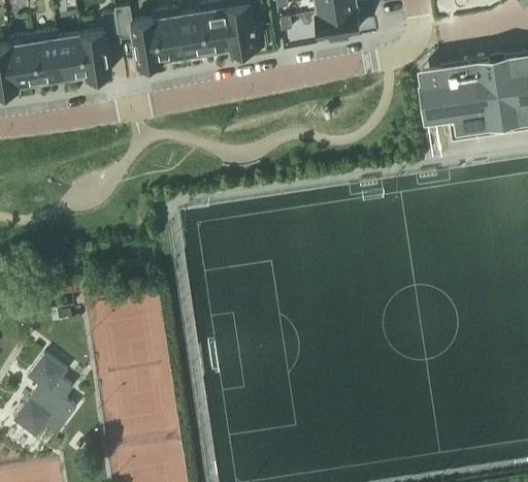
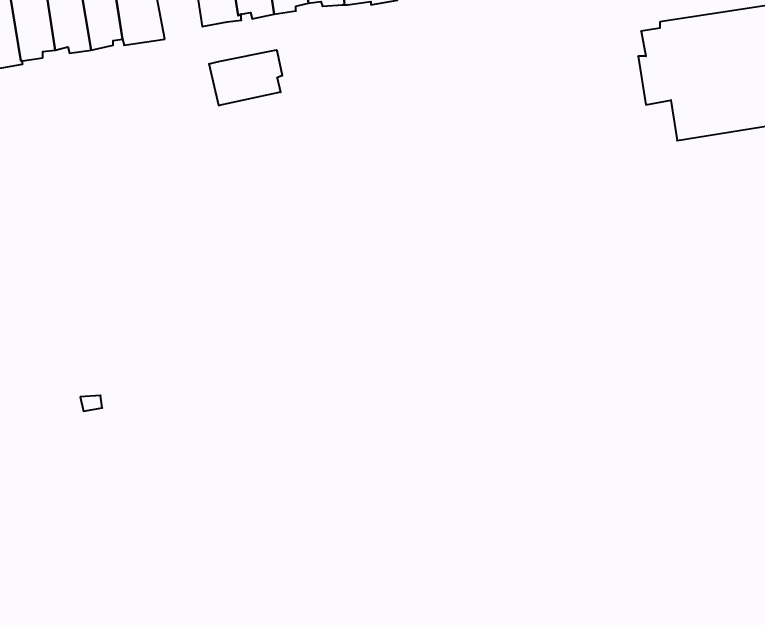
building: none -> [209,50,282,106]
building: [12,354,76,438] -> none

